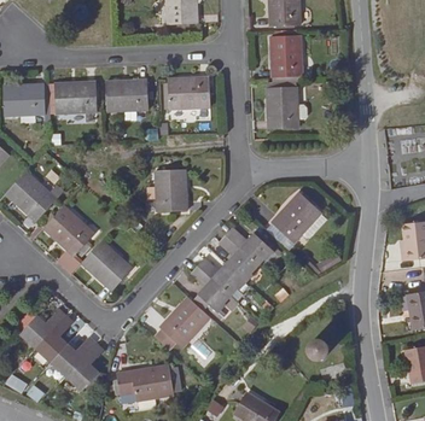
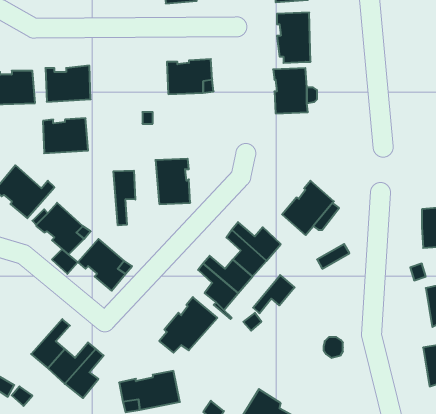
building: [105,80,147,112] -> [43,118,88,153]
building: none -> [113,171,135,225]
building: none -> [253,275,295,313]
building: [24,312,69,351] -> none

